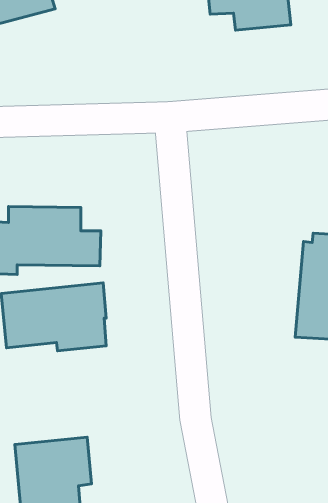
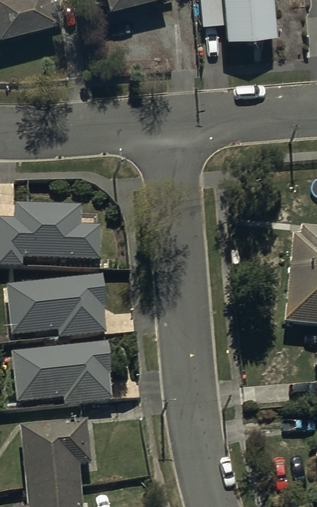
building: none -> [10,341,112,404]

